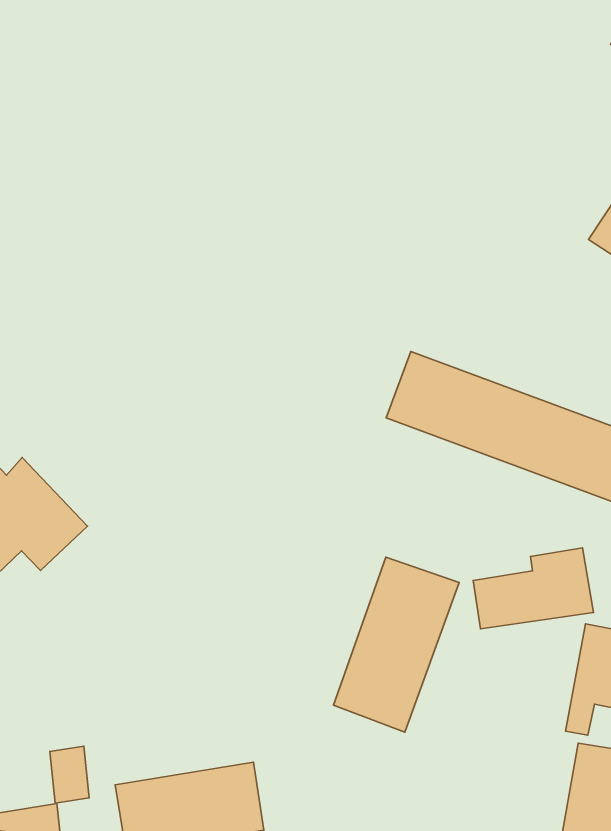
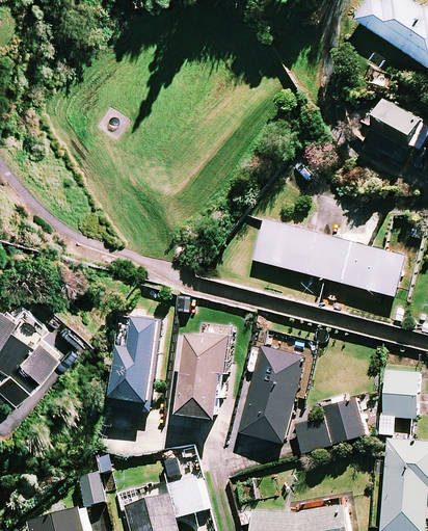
building: none -> [107,316,160,404]
building: none -> [178,331,233,421]
building: [473,548,593,629] -> [293,398,366,452]

